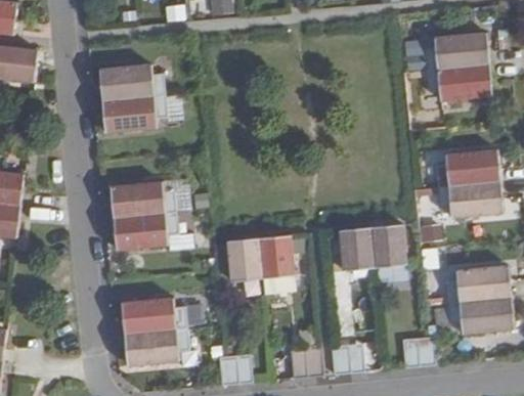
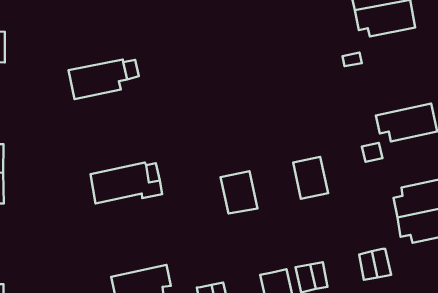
building: [100,64,165,100] -> none
building: [435,150,499,188] -> none
building: [112,182,176,218] -> none
building: [370,224,406,268] -> none
building: [228,237,262,281] -> none
building: [122,298,187,334] -> none

